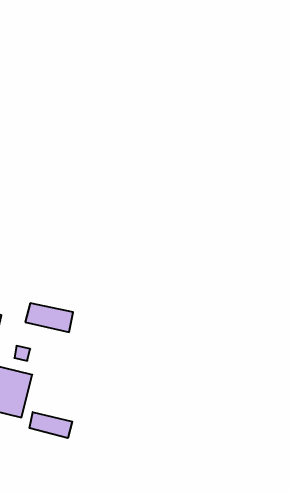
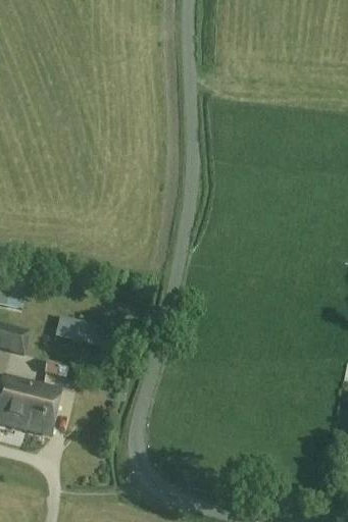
building: [29,412,72,438] -> none

